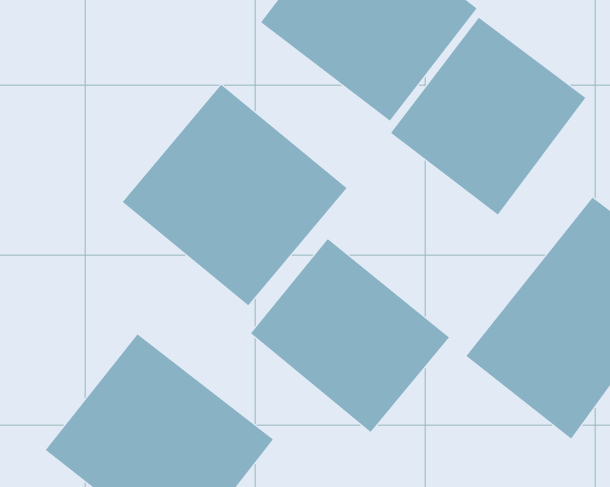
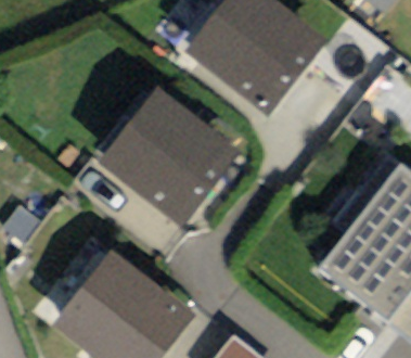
building: [390,17,586,215] -> none
building: [250,238,450,433] -> none

